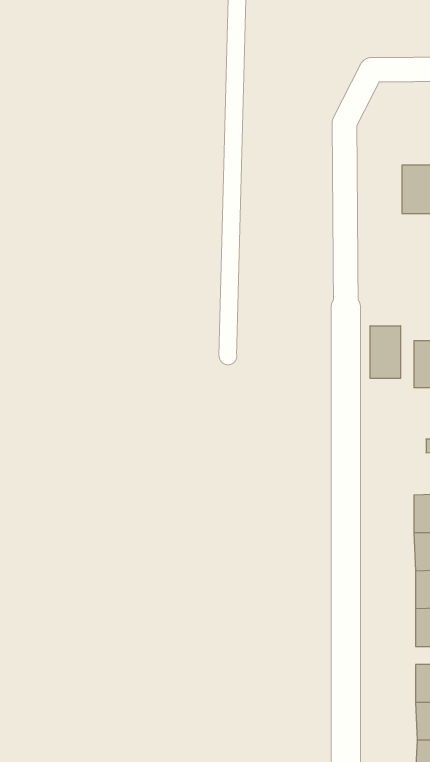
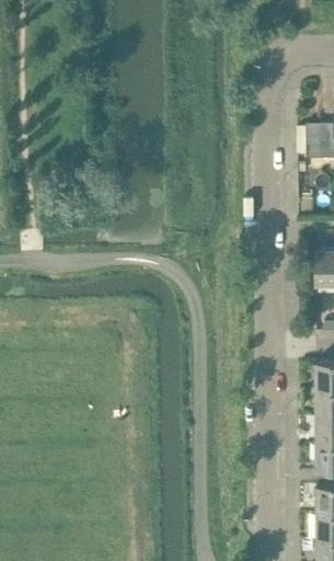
building: [370,326,401,378] -> none

